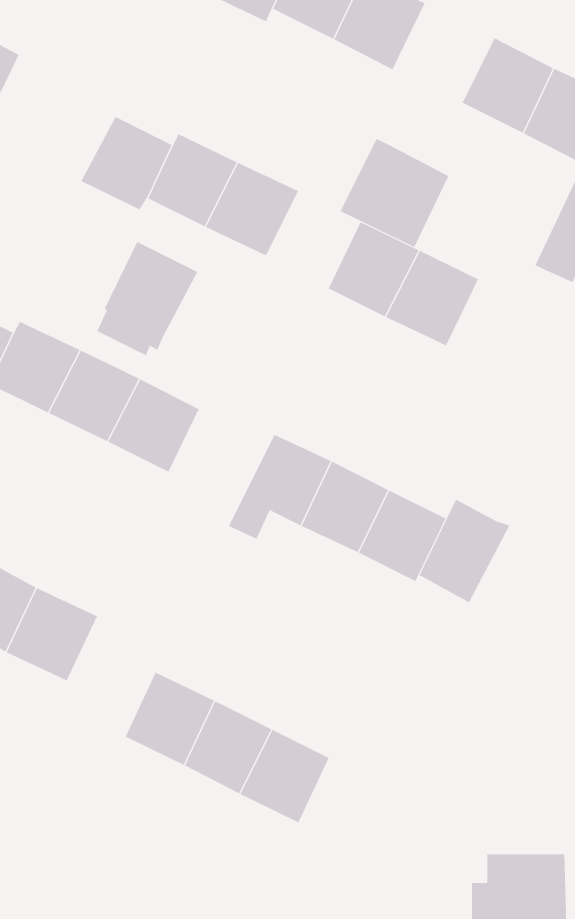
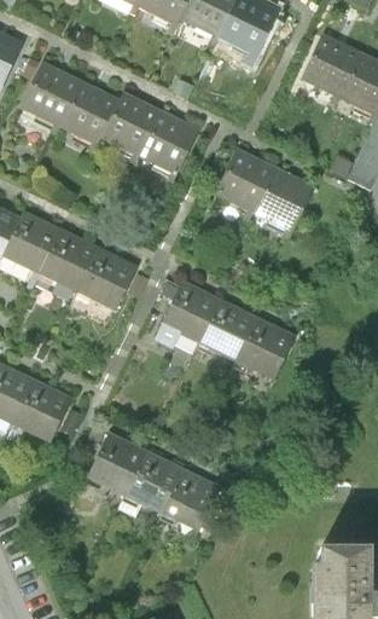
building: [340,138,449,248] -> none
building: [97,241,198,356] -> [19,64,83,137]
building: [419,499,510,603] -> none

